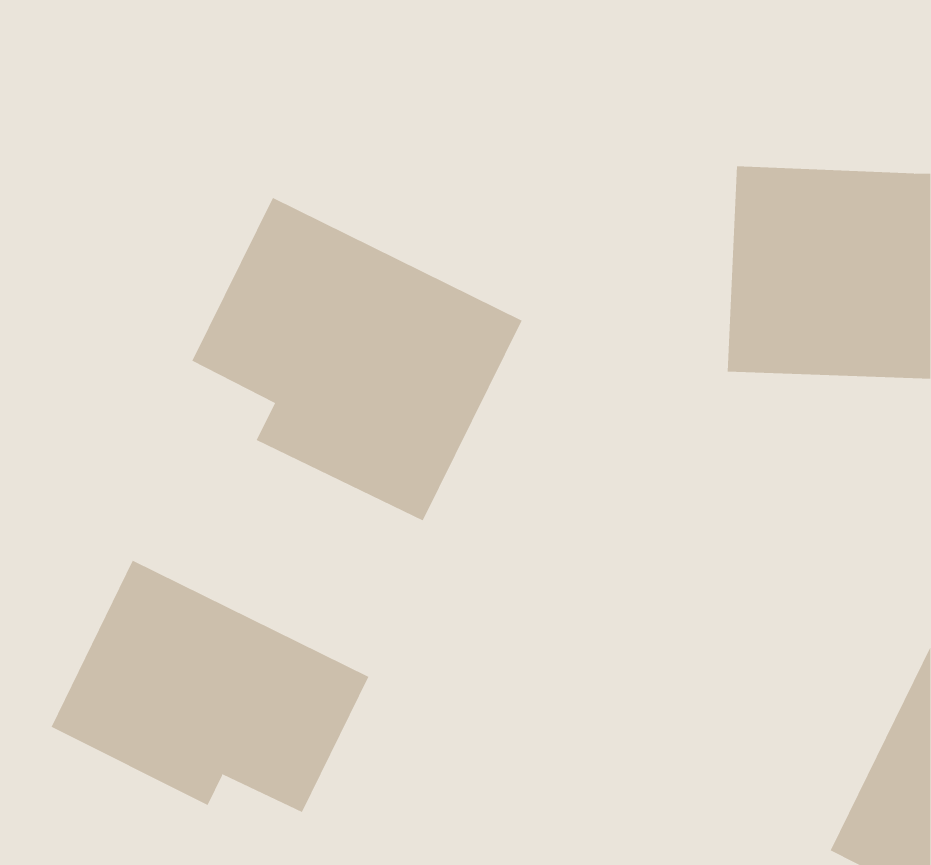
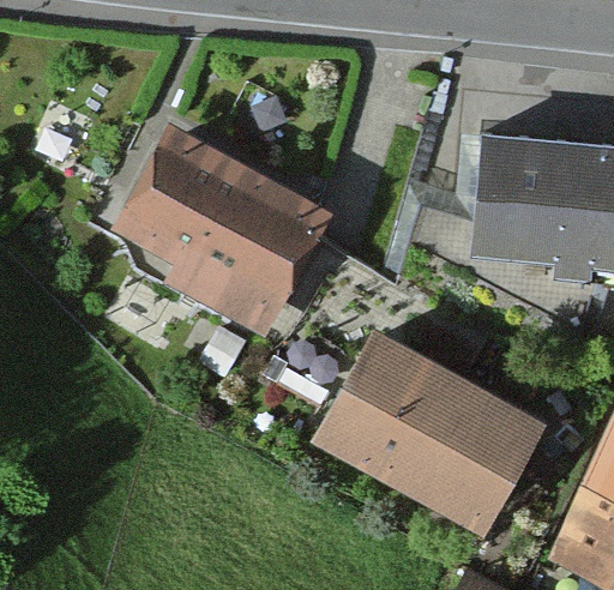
building: none -> [326,336,550,535]
building: [51,560,369,813] -> none

